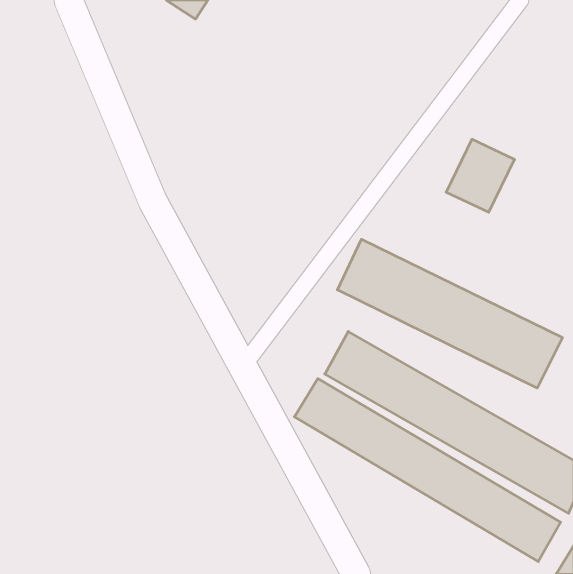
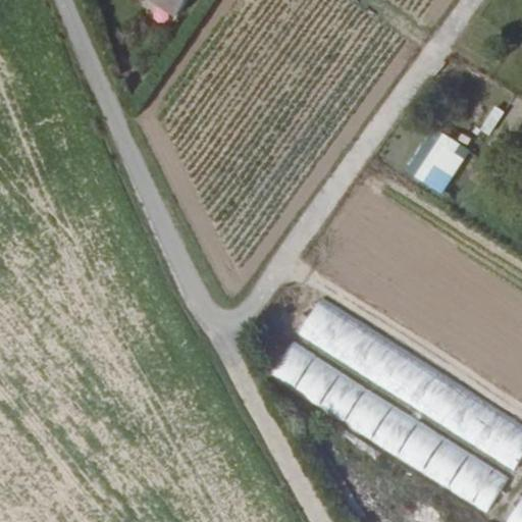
building: [337,239,562,388] -> none

